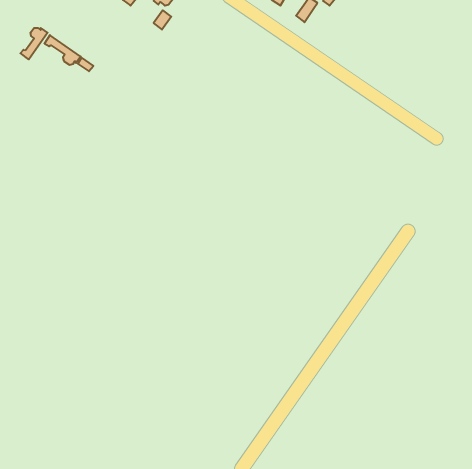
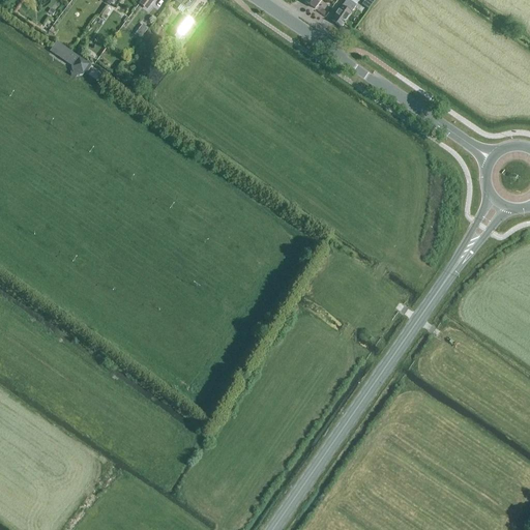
building: [20,28,48,59] -> none

